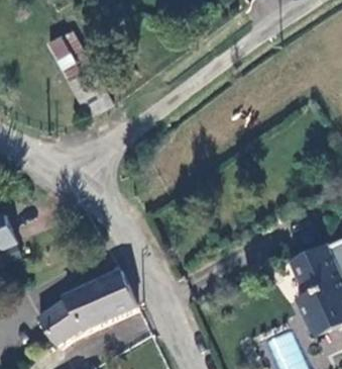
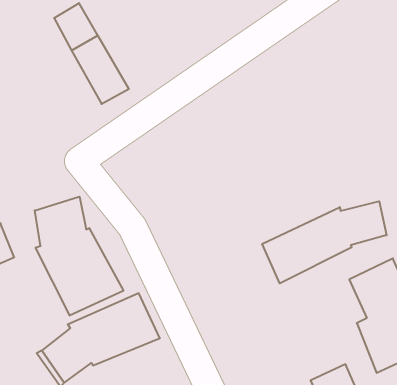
building: none -> [35,197,123,316]
building: none -> [262,201,387,283]

